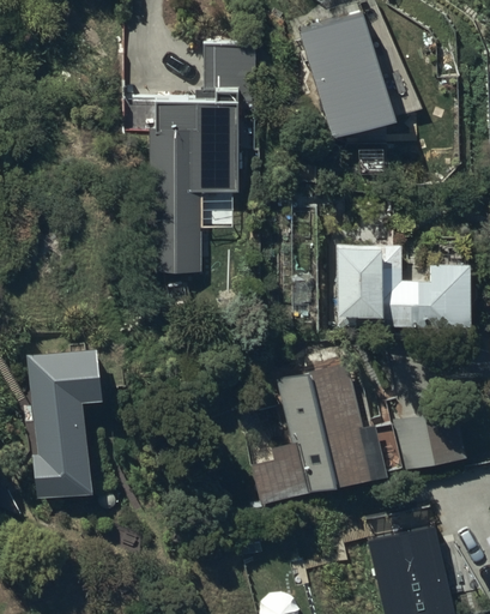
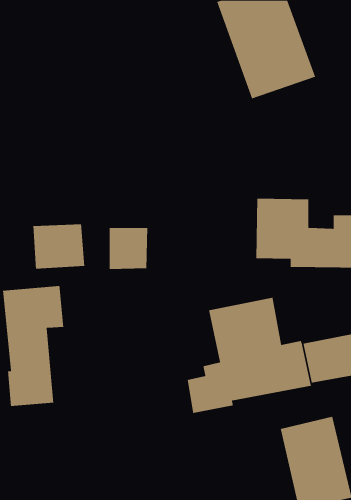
building: [122,43,256,272] -> none
building: none -> [33,224,85,270]
building: none -> [109,227,148,270]

